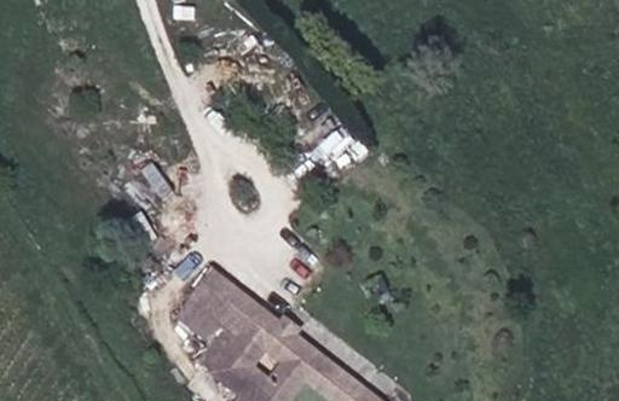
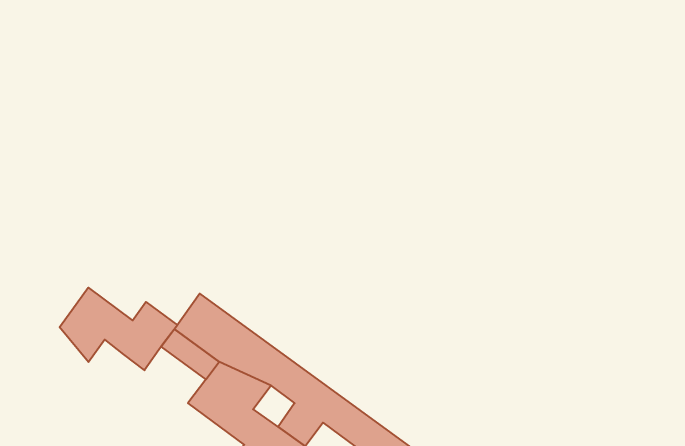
building: none -> [60,288,177,370]

